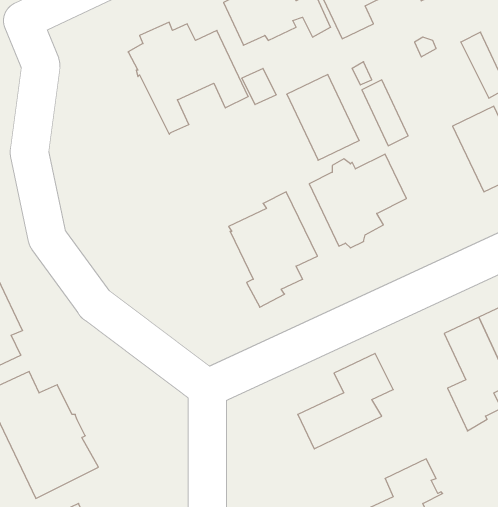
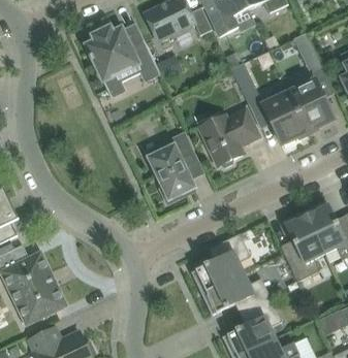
building: [287,75,359,160] -> [262,91,308,144]
building: none -> [201,272,272,315]

